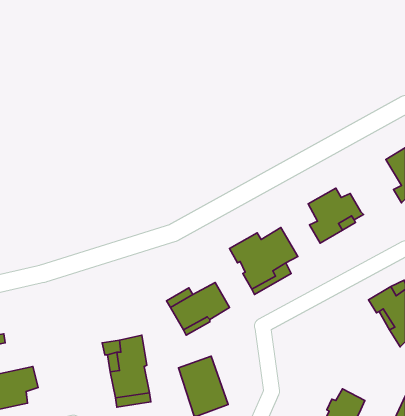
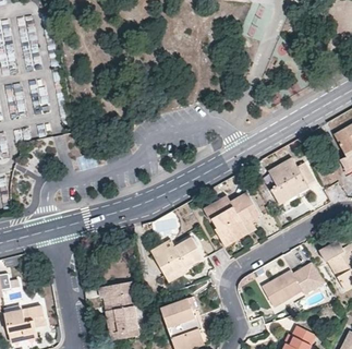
building: none -> [263,262,325,306]

